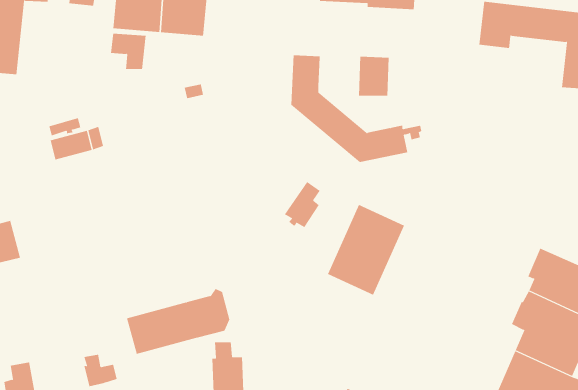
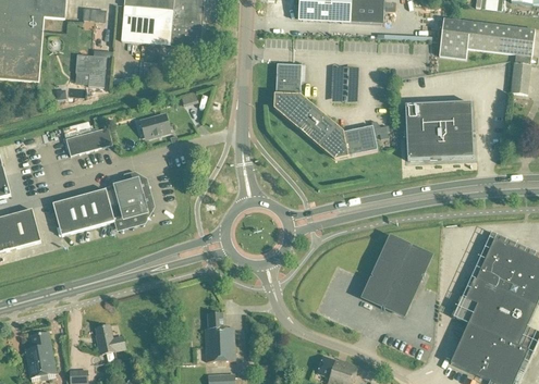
building: [110,33,146,69] -> [74,54,106,86]
building: none -> [404,101,473,159]
building: none -> [140,113,169,136]
building: [284,181,321,228] -> none
building: [327,204,405,296] -> [364,236,431,315]
building: [126,288,230,355] -> [52,175,143,233]

